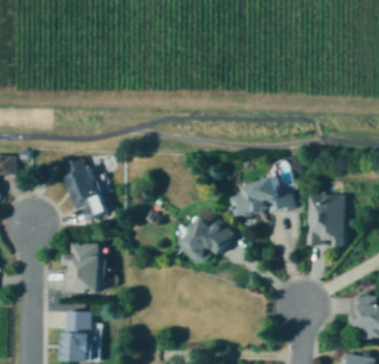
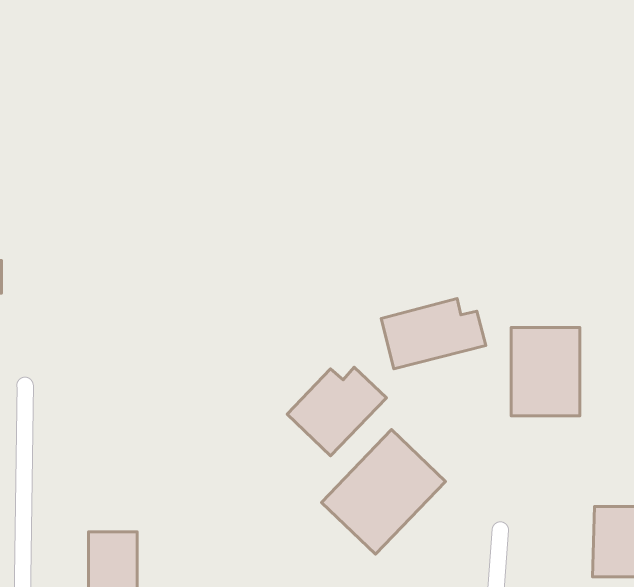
building: [62,155,107,219] -> none
building: [64,243,101,292] -> none
building: none -> [322,430,445,554]

